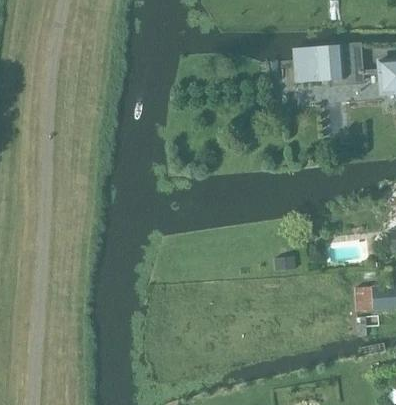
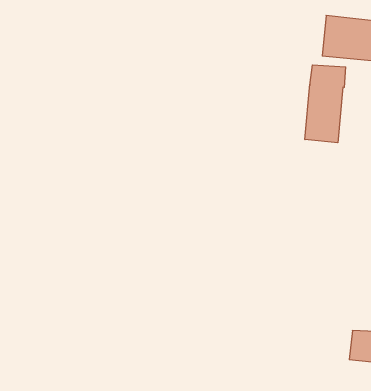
building: none -> [305,65,346,143]

